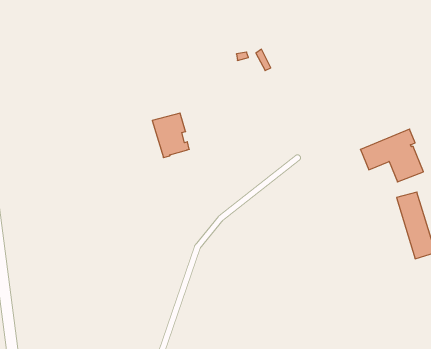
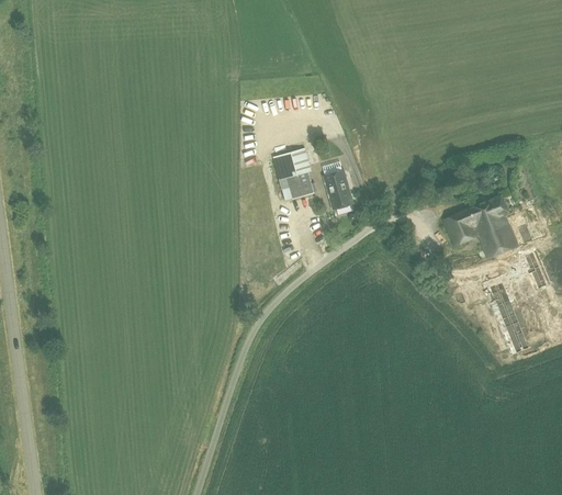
building: none -> [323,171,352,211]
building: [152,113,189,158] -> [272,149,316,202]

